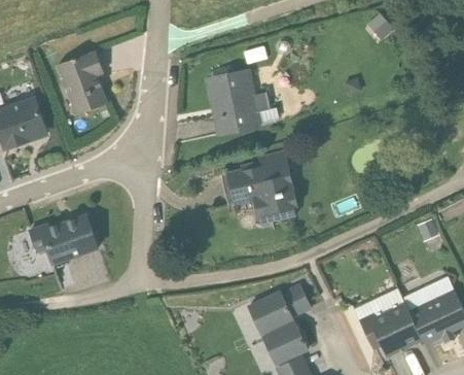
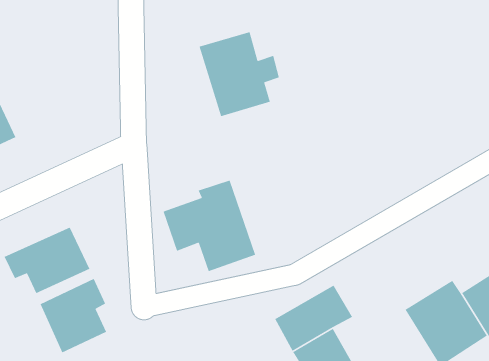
building: [56,48,107,114] -> none
building: [224,151,298,227] -> [163,180,256,272]
building: none -> [39,278,107,353]

